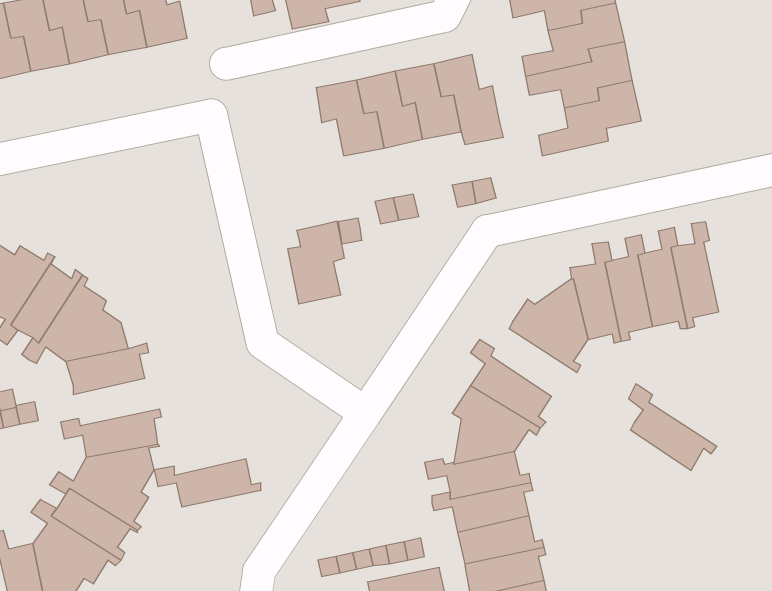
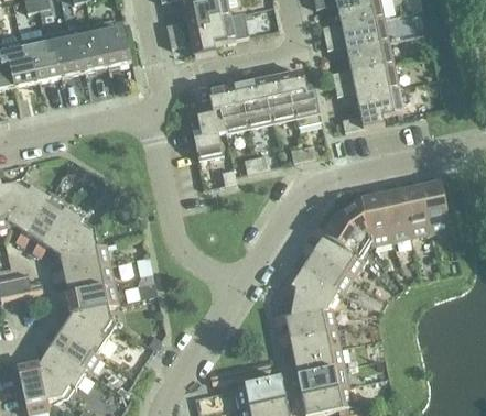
building: [288,221,345,304] -> [191,110,225,160]
building: [629,384,717,470] -> [312,225,365,276]
building: [154,459,261,507] -> [51,265,115,294]

